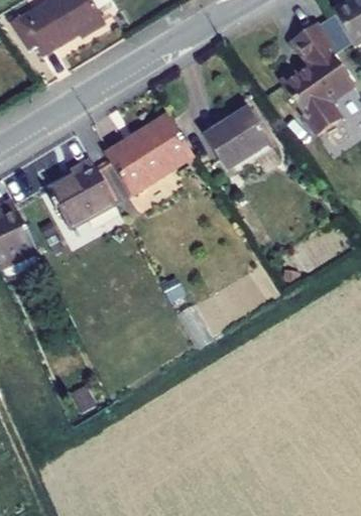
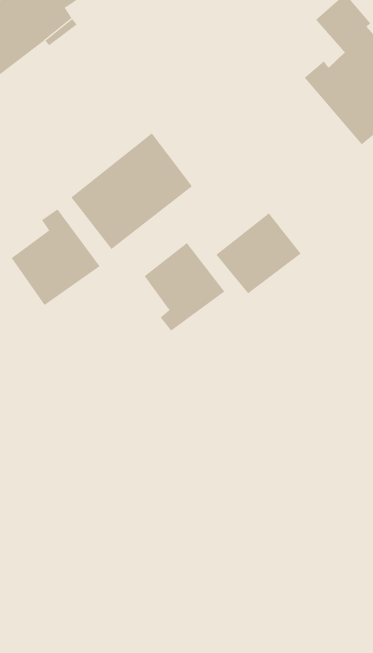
building: [205,110,267,167] -> [216,213,301,294]
building: none -> [144,242,225,332]

